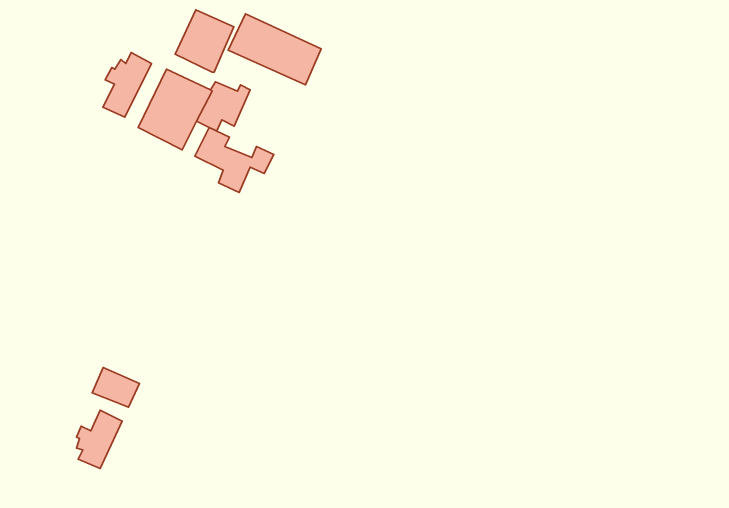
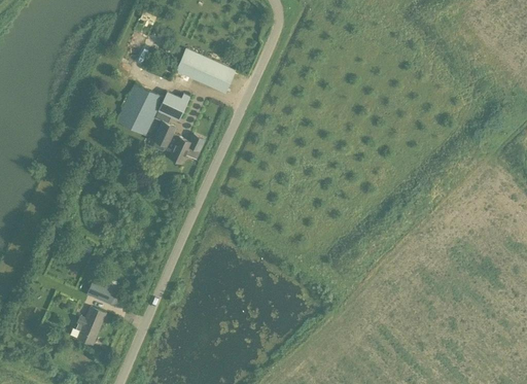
building: [175,10,234,72] -> none
building: [103,52,152,117] -> none

